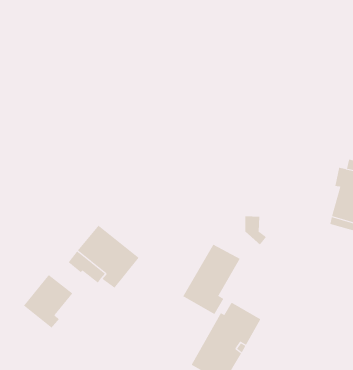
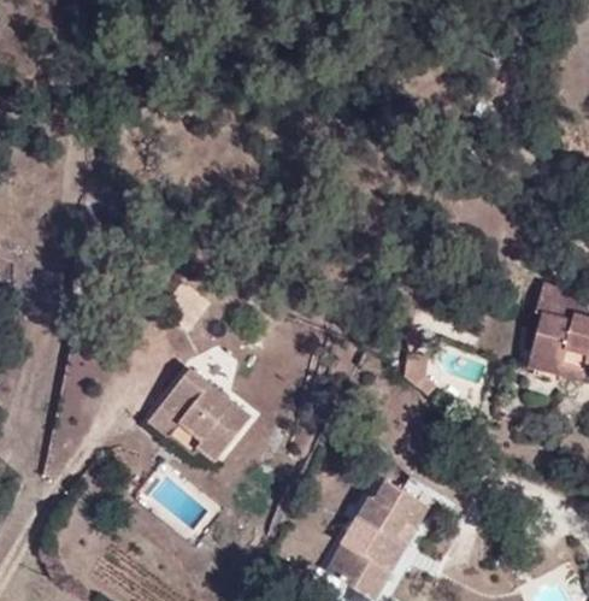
building: [183,244,240,315] -> none
building: [23,274,73,328] -> none

